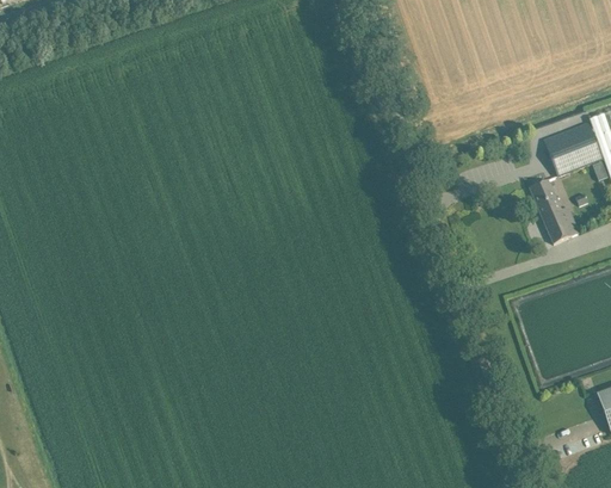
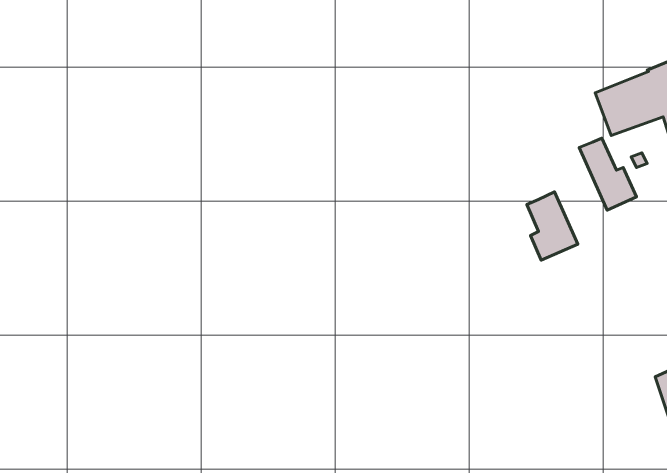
building: none -> [527,192,578,260]

